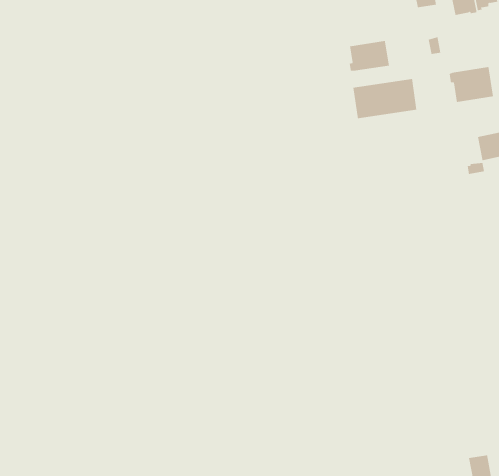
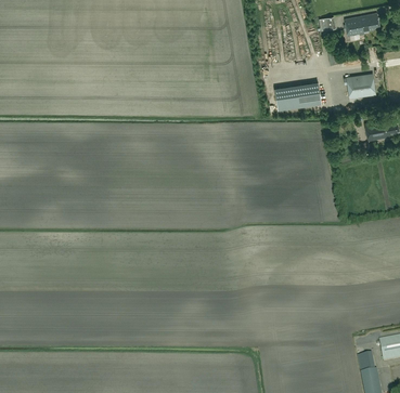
building: [349,40,389,71] -> none

